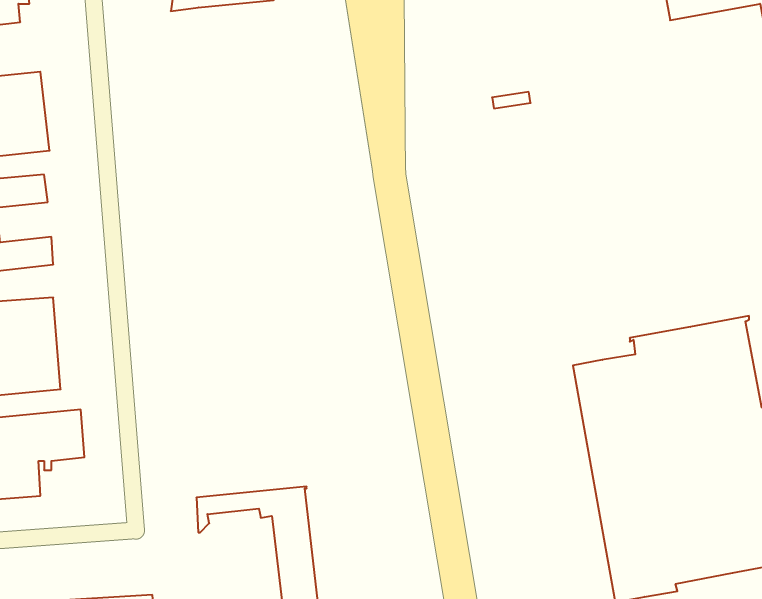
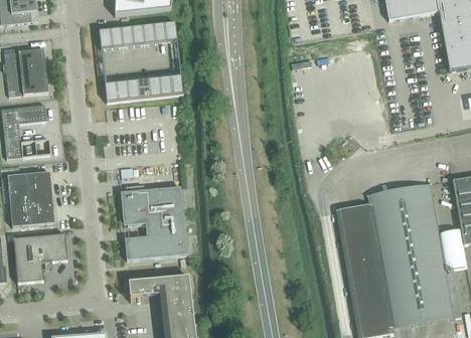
building: none -> [99,21,177,47]
building: none -> [105,74,183,101]
building: none -> [121,186,187,259]

